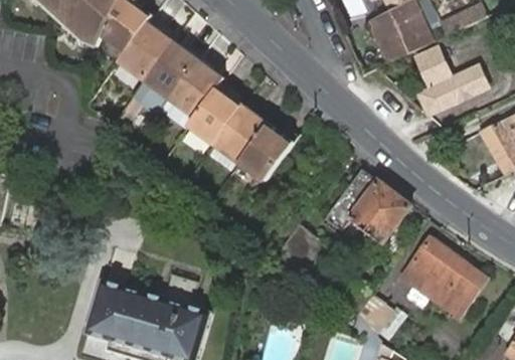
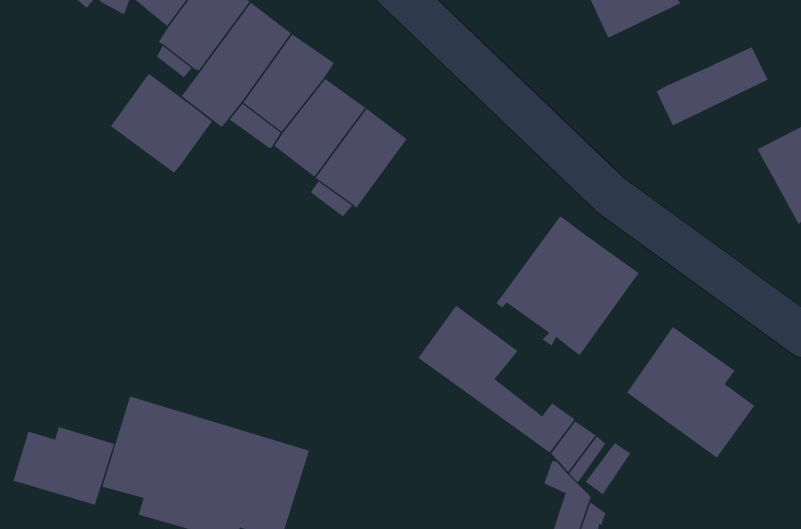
building: [411,44,452,89] -> none
building: none -> [110,73,213,173]
building: [237,123,295,183] -> none
building: none -> [13,426,115,505]

